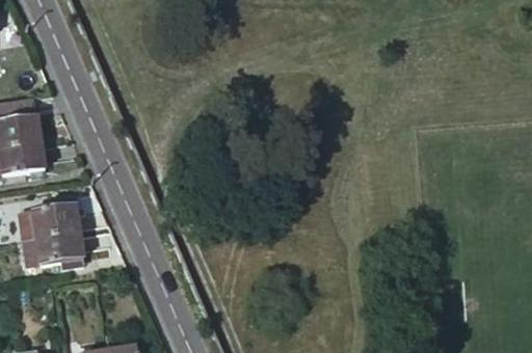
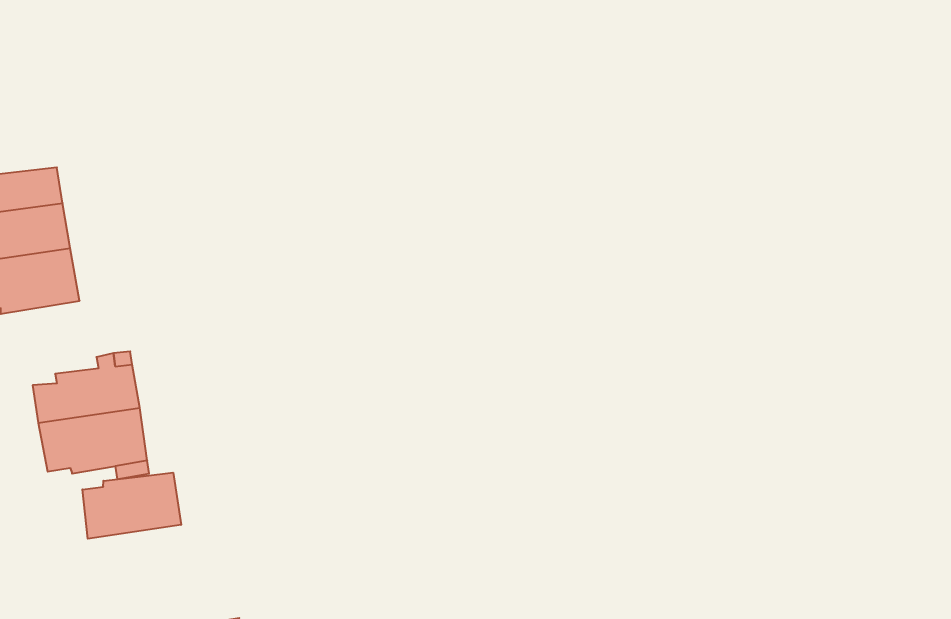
building: none -> [82,473,181,539]

